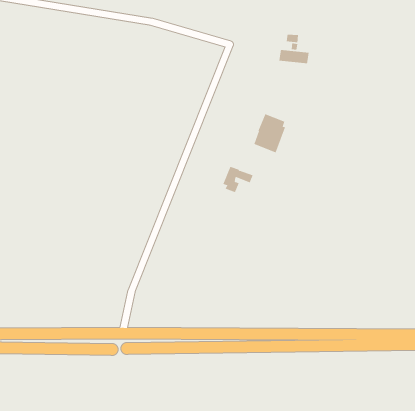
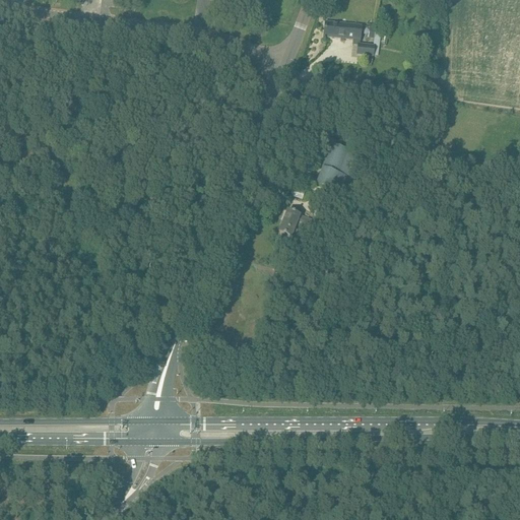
building: [279,49,309,64] -> [323,19,362,38]

